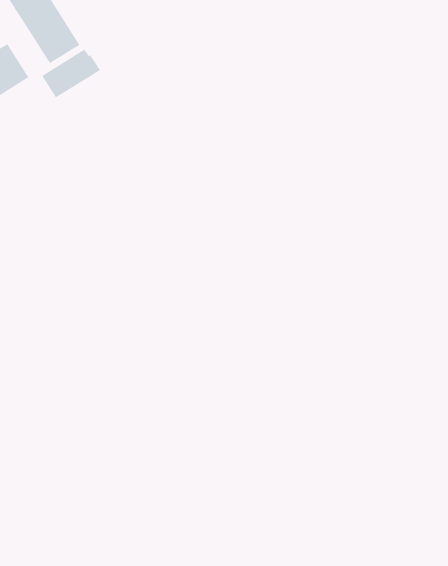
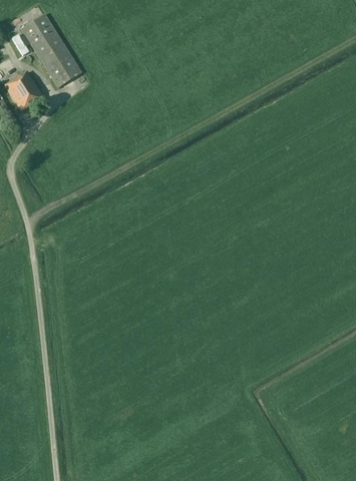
building: [42,49,101,98] -> none

